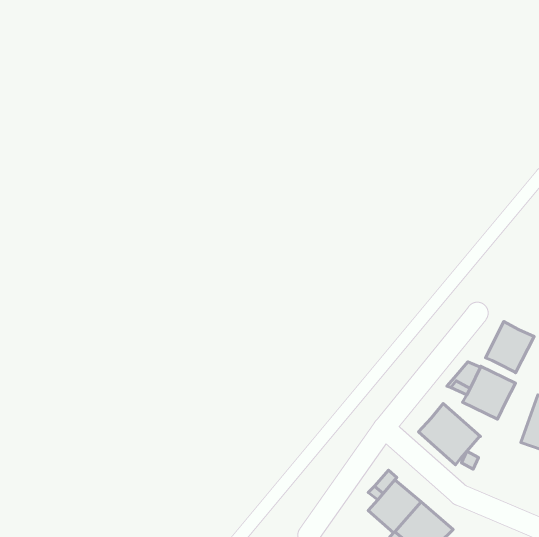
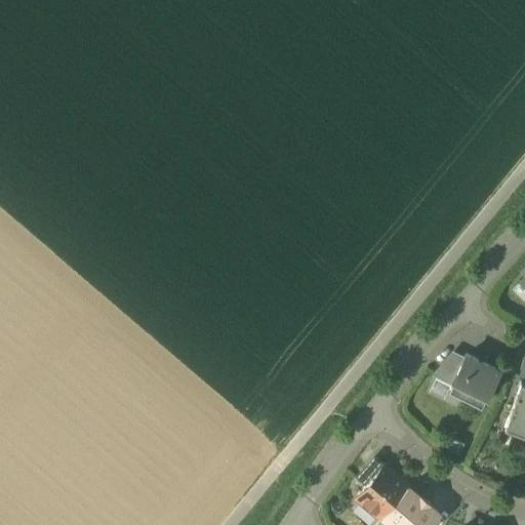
building: [485,322,534,373] -> none
building: [418,403,480,465] -> none

